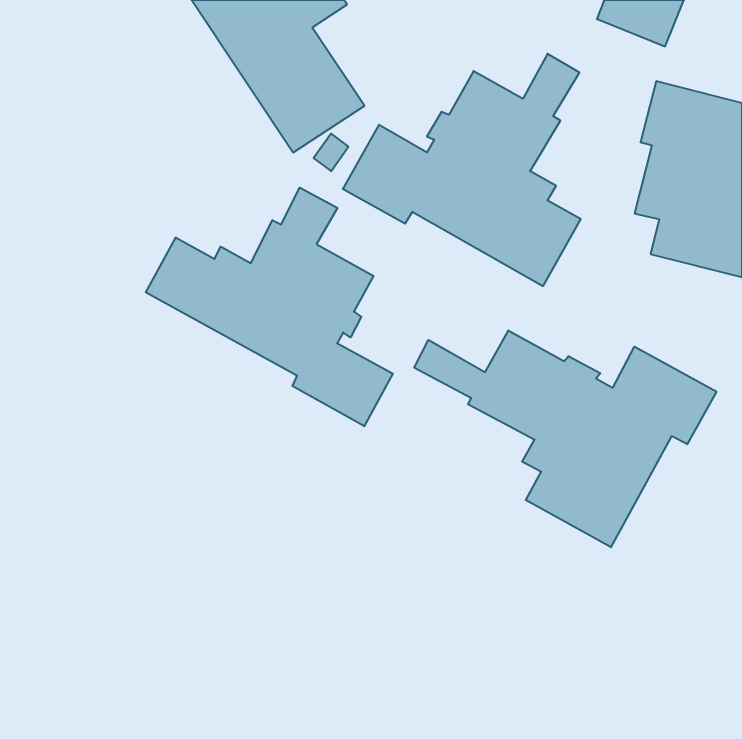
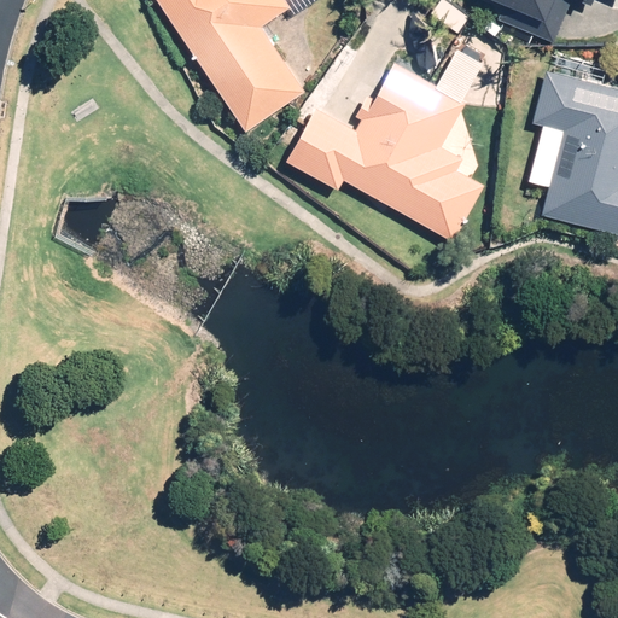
building: [146,188,393,426] -> none
building: [414,330,716,547] -> none

